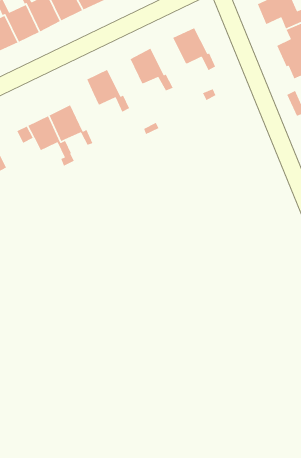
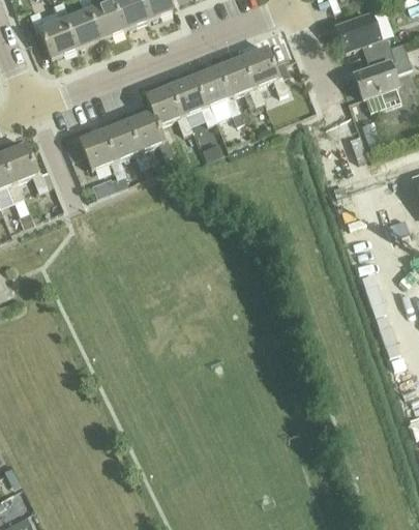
building: none -> [219,54,264,102]
building: none -> [171,73,221,136]
building: none -> [128,109,175,156]

